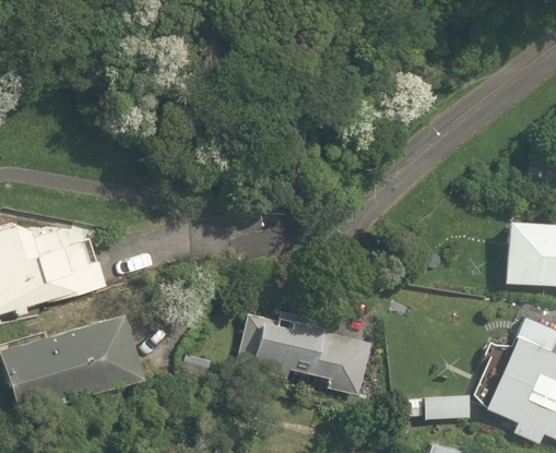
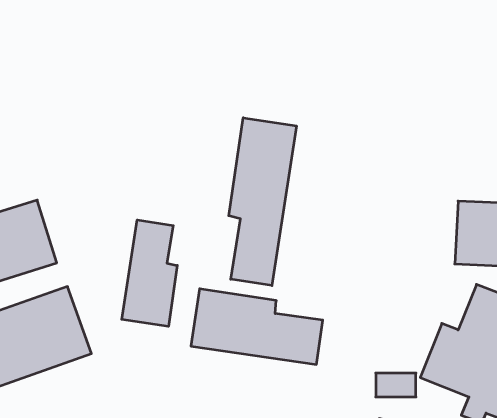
building: none -> [229,118,296,286]
building: none -> [122,220,177,326]

